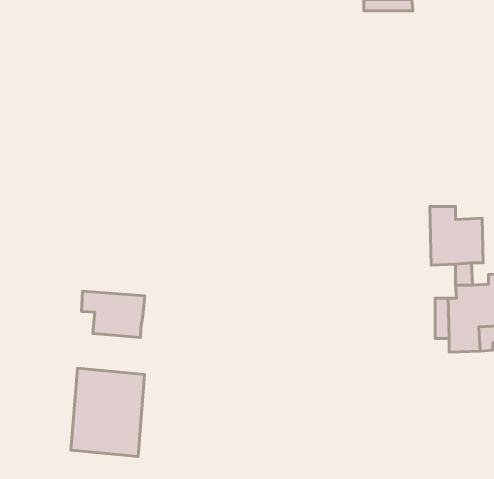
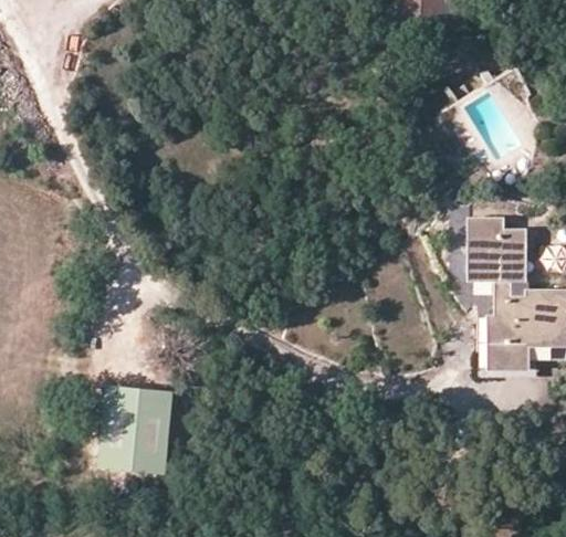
building: [81,291,145,337] -> none

